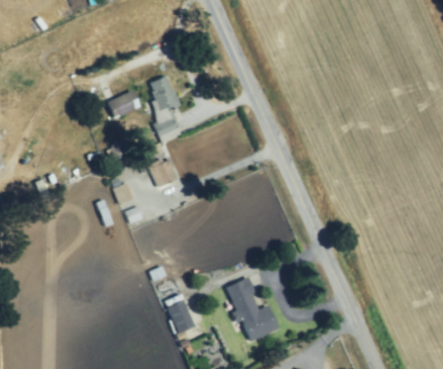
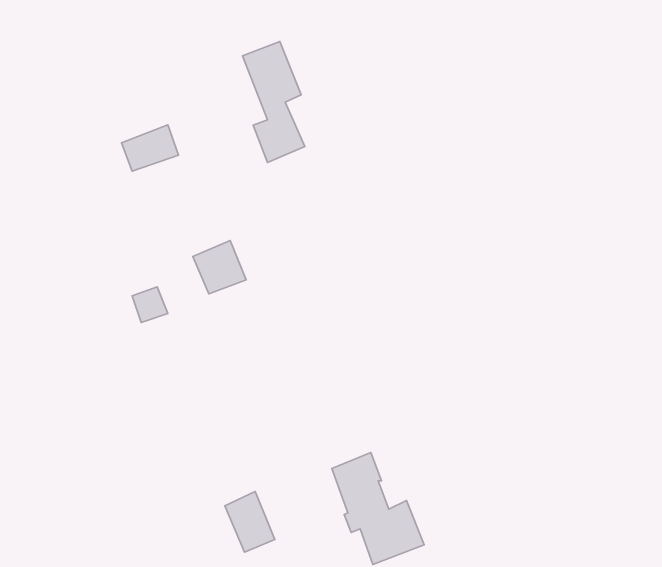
building: [147,75,183,144] -> [242,42,305,163]

